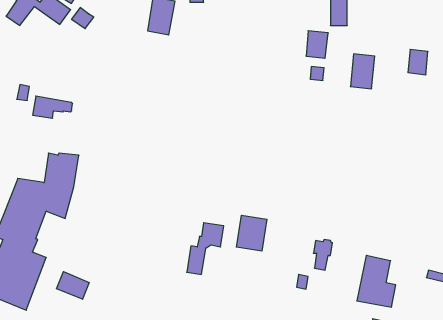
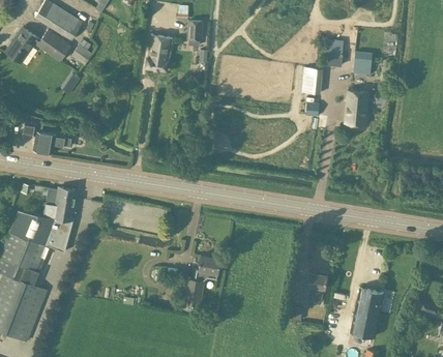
building: [408,49,428,75] -> [353,51,373,76]
building: [236,215,267,251] -> none
building: [57,272,89,299] -> none

